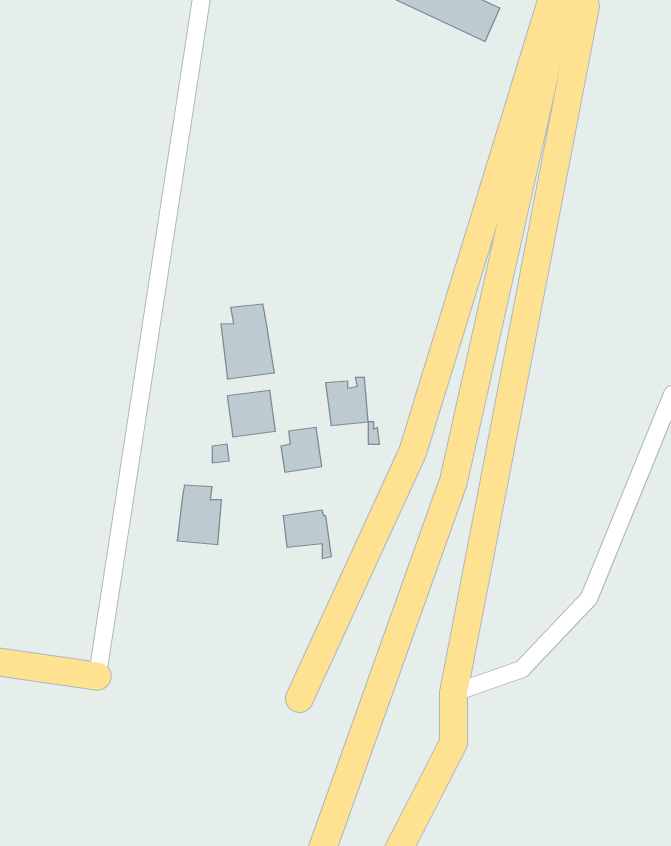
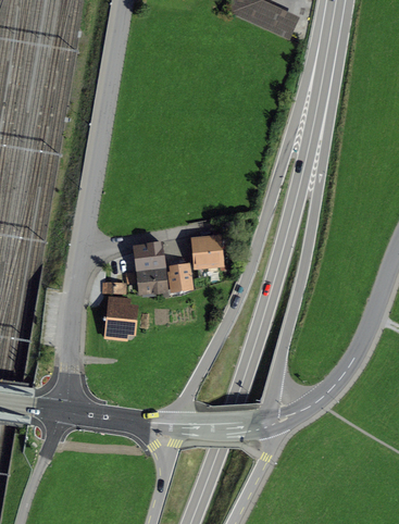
building: [221,304,274,379] -> none
building: [283,510,331,558] -> [139,269,167,297]

